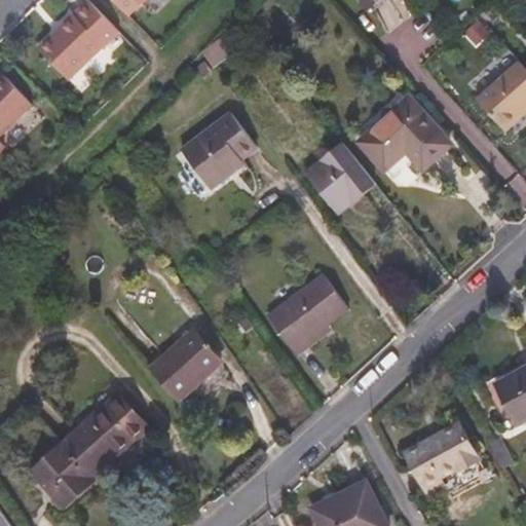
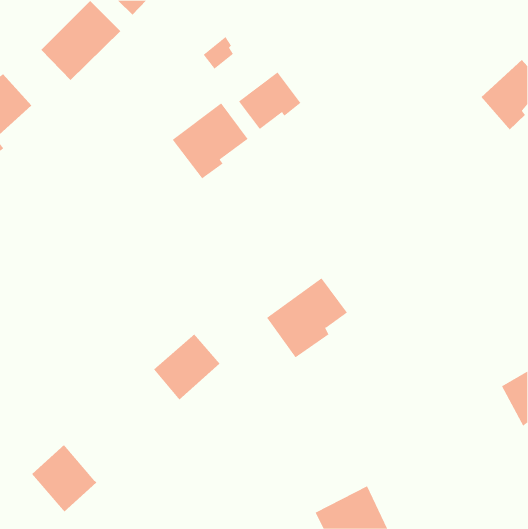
building: none -> [238,71,301,130]
building: [362,98,450,167] -> none
building: [308,144,374,211] -> none
building: [64,392,149,477] -> none
building: [406,423,481,493] -> none

